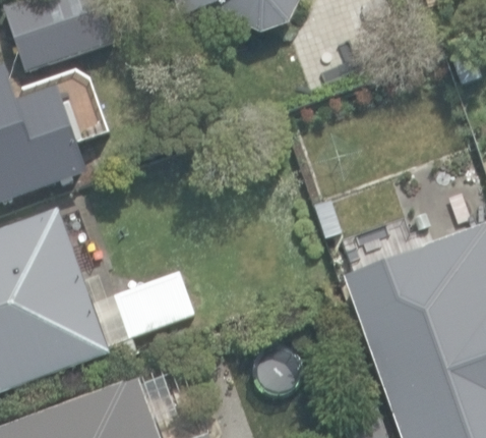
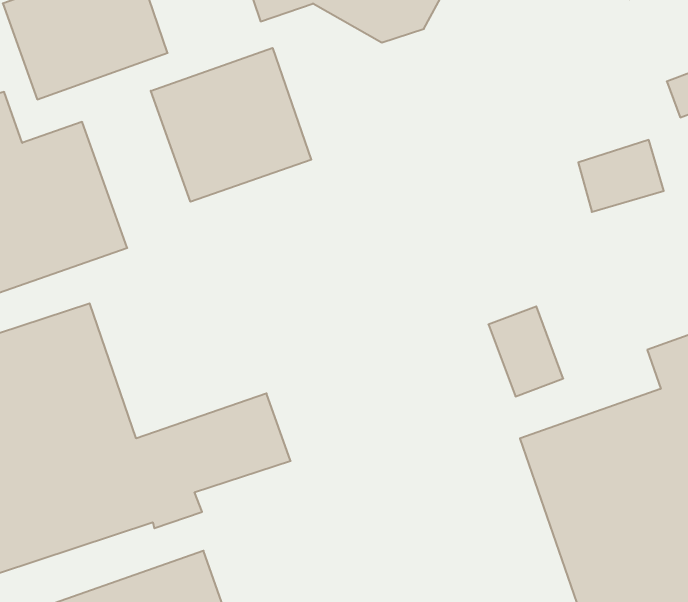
building: none -> [151,48,311,202]

